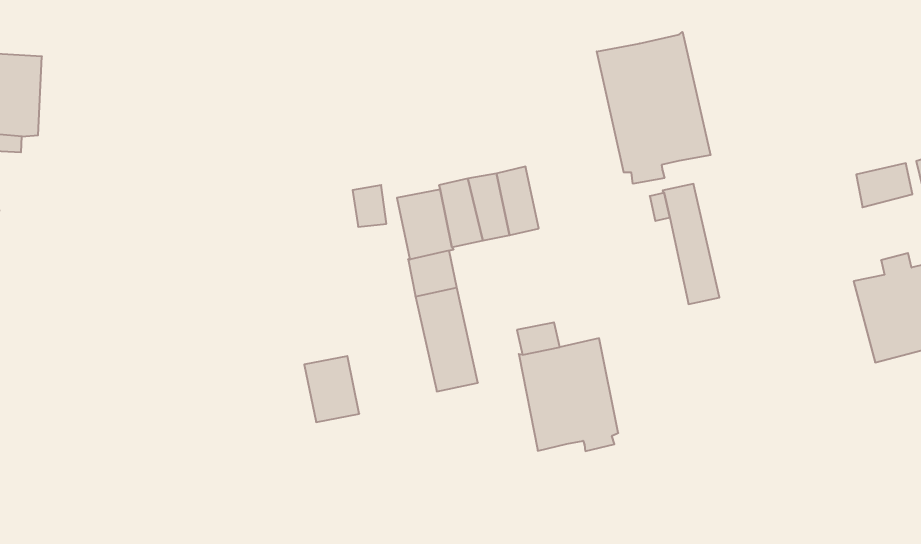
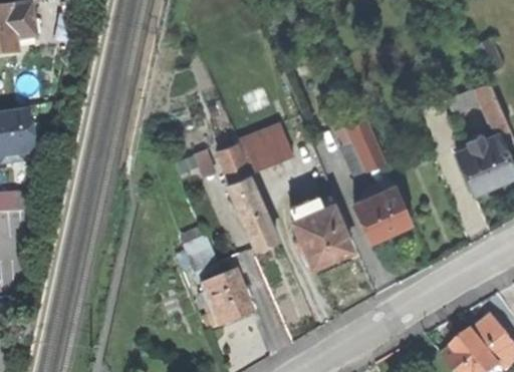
building: [597,32,711,184] -> none
building: none -> [354,184,412,239]
building: none -> [202,270,254,327]

